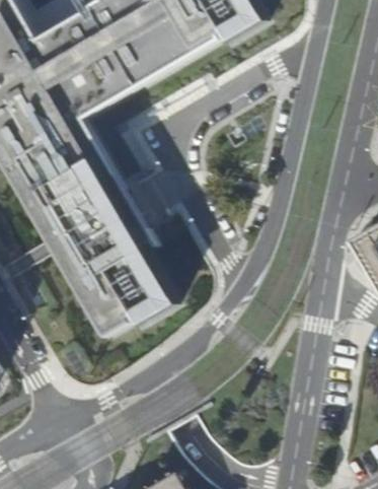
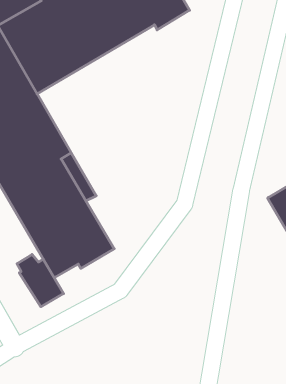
building: none -> [17,254,64,307]

